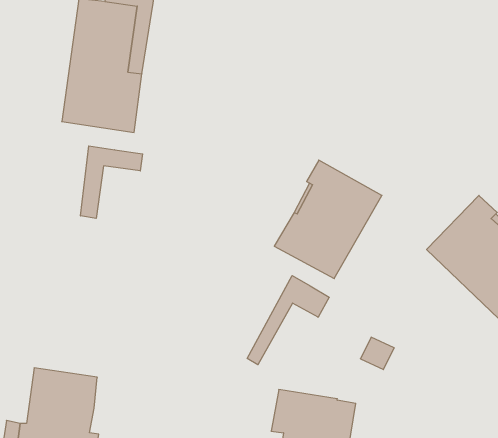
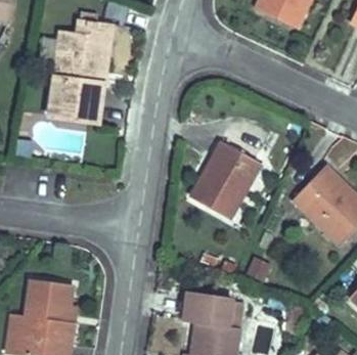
building: [81,146,143,218] -> none
building: [247,276,329,365] -> none

